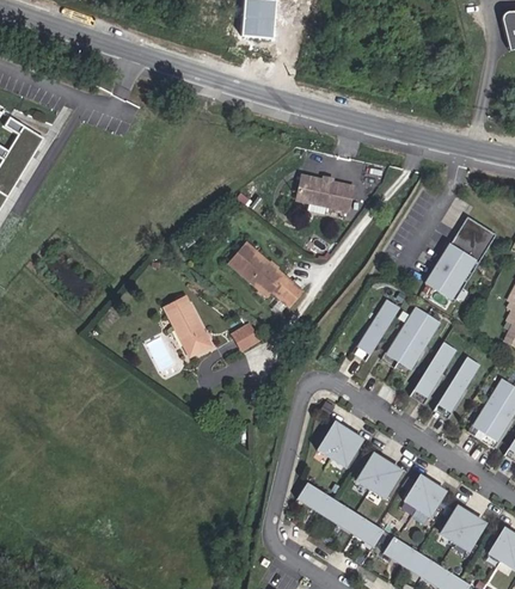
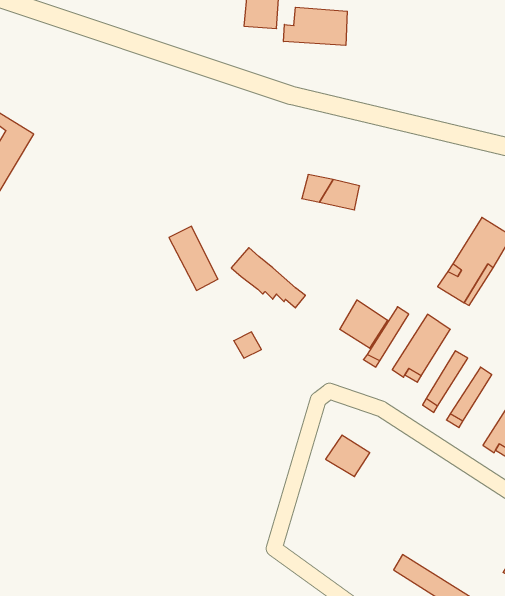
building: none -> [284,7,347,45]
building: [164,294,210,355] -> [169,226,218,290]
building: none -> [340,300,388,348]
building: [358,455,400,495] -> none
building: [405,476,443,514] -> none
building: [296,483,382,545] -> none
building: [442,507,483,546] -> none

